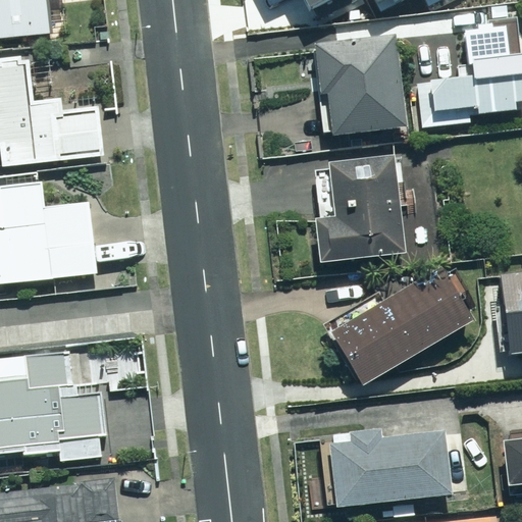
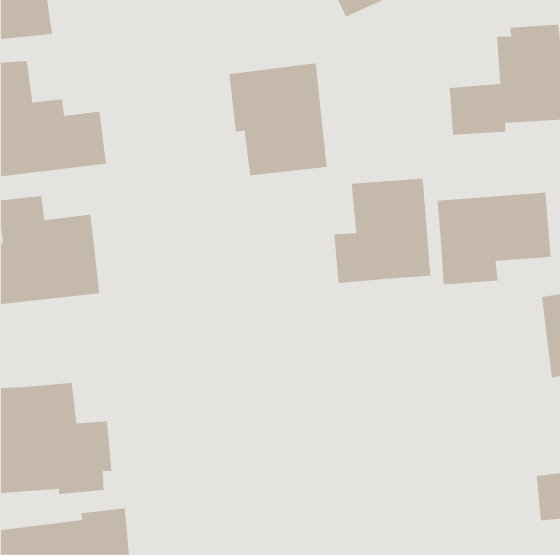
building: [312,33,404,138] -> [229,63,328,176]
building: none -> [437,192,551,285]
building: [329,267,470,385] -> none
building: [326,430,451,508] -> none

